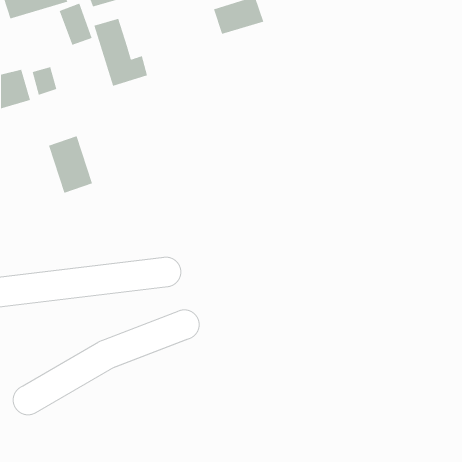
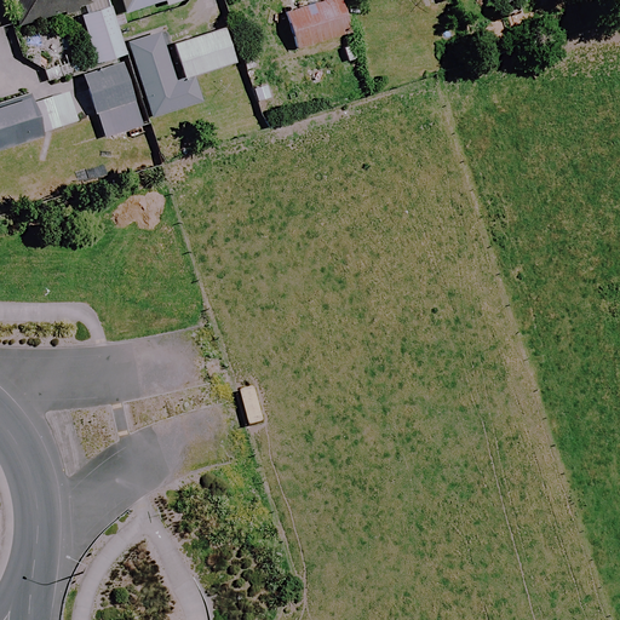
building: none -> [176,28,235,76]
building: [48,135,93,194] -> [84,59,143,137]

